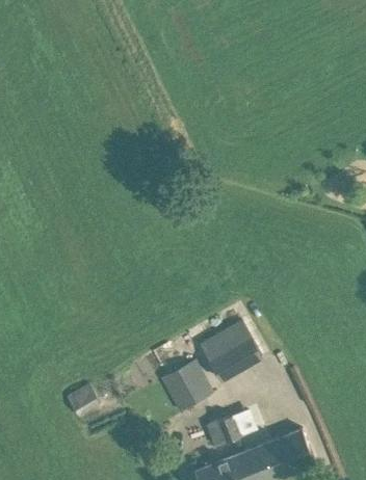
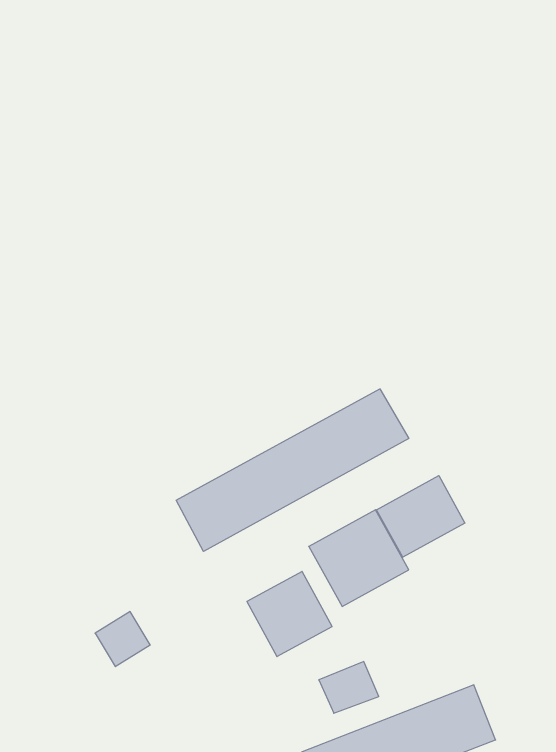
building: none -> [176,389,409,551]
building: none -> [377,476,465,557]

